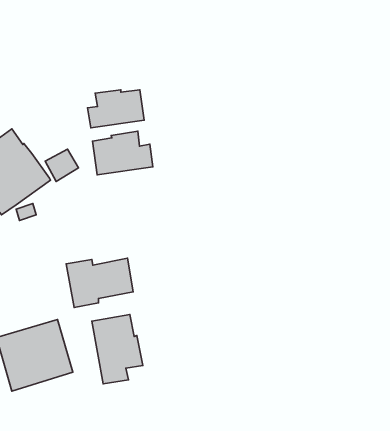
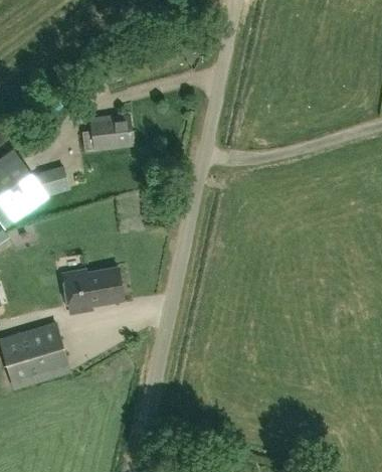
building: [92,131,153,175] -> none
building: [92,314,143,384] -> none

